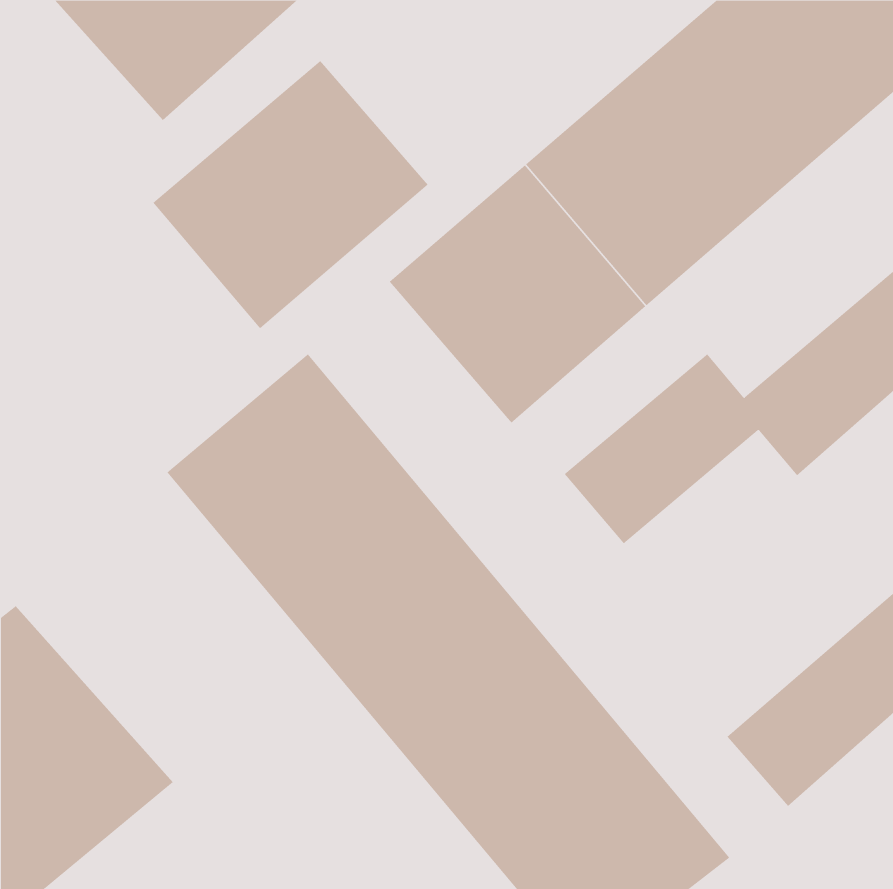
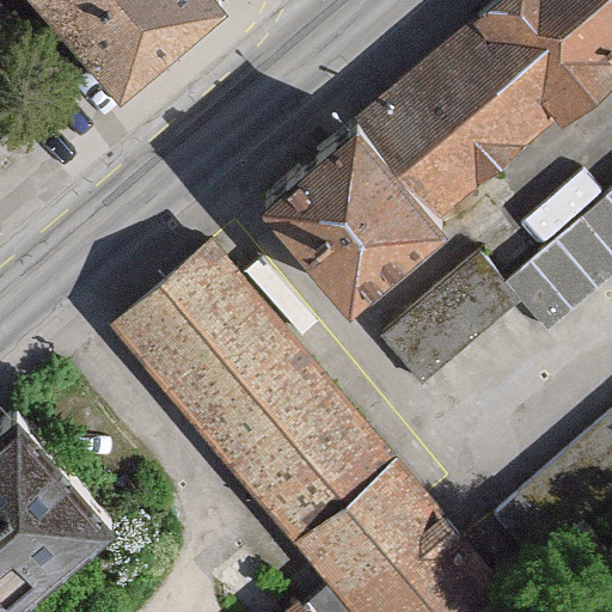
building: [152,60,429,329] -> none

